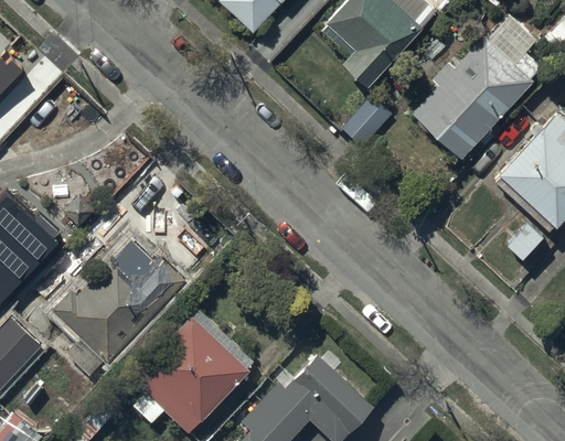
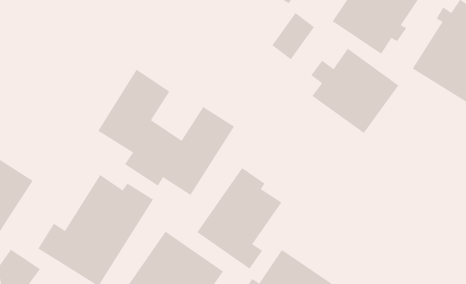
building: none -> [98,69,235,196]
building: none -> [311,48,399,134]
building: none -> [197,167,282,269]

